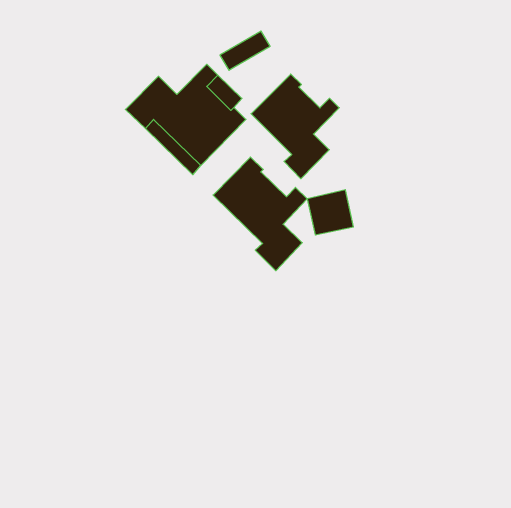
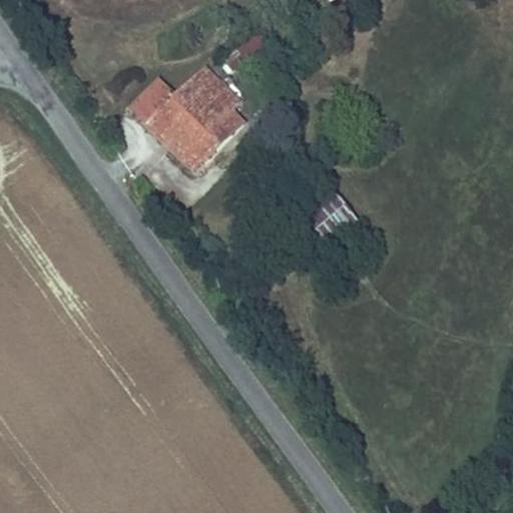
building: [251,74,339,179] -> none
building: [213,157,307,271] -> none

